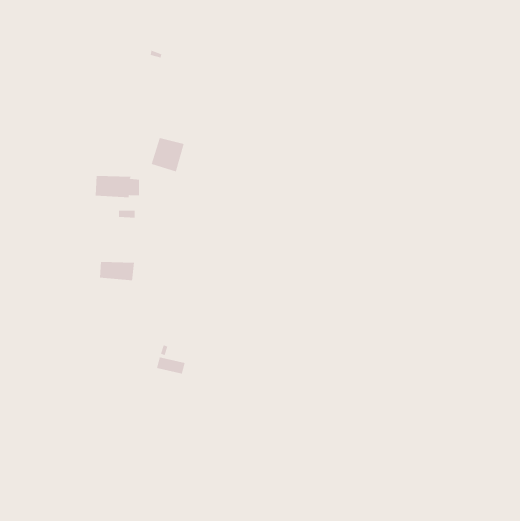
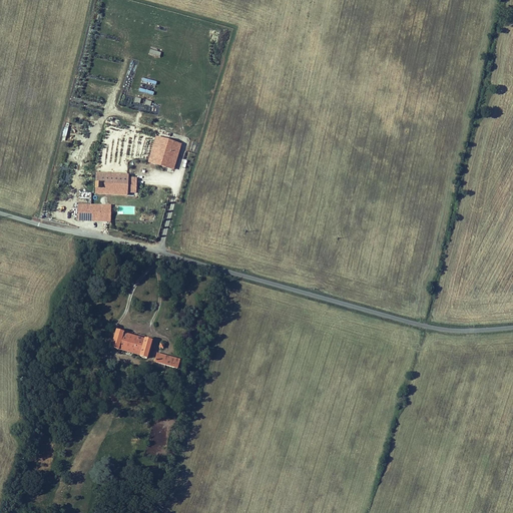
building: [99,262,135,281] -> [77,202,112,221]
building: none -> [111,327,152,358]

